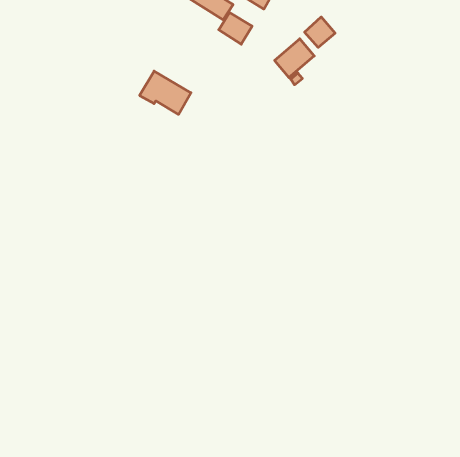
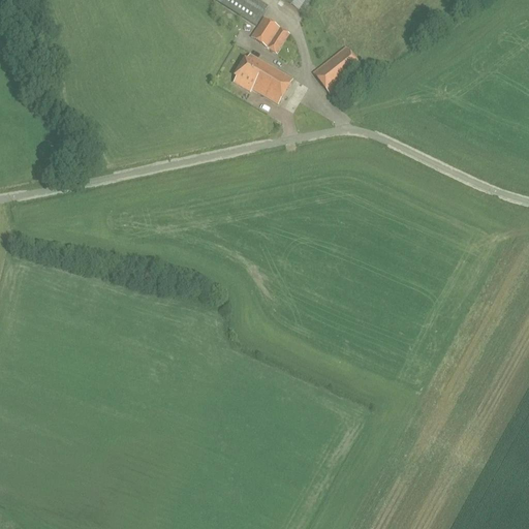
building: [305,17,335,47] -> none
building: [140,71,191,114] -> [234,52,292,101]

